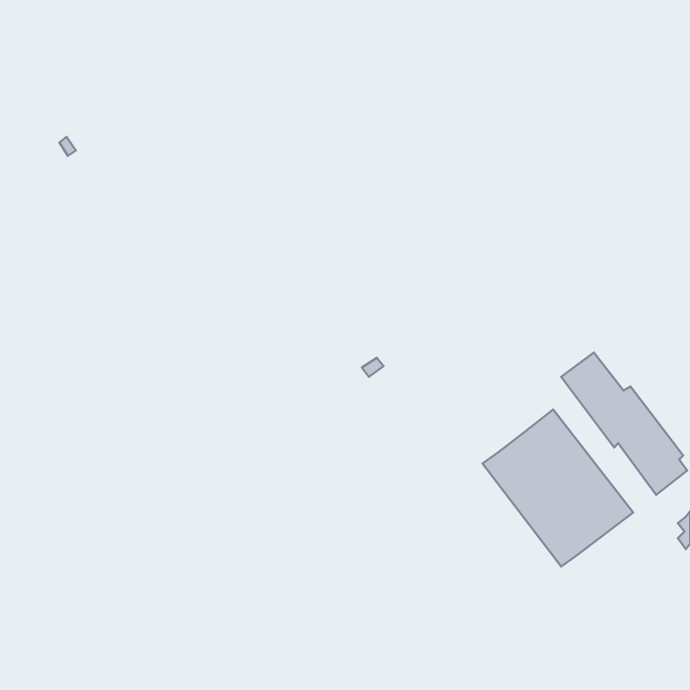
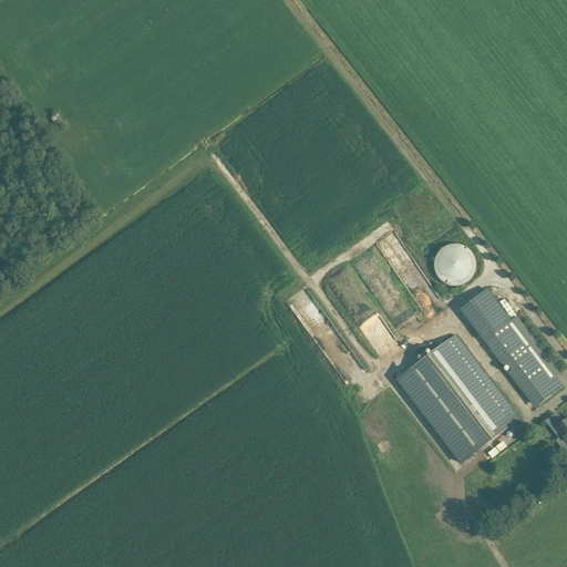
building: none -> [432,244,474,285]

